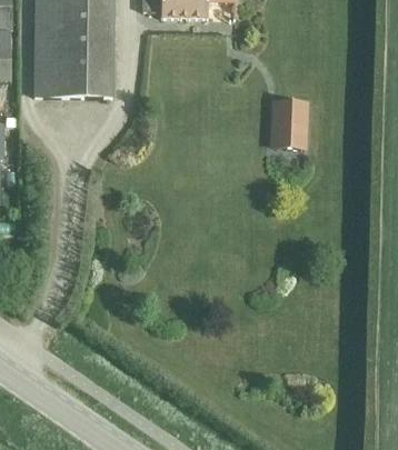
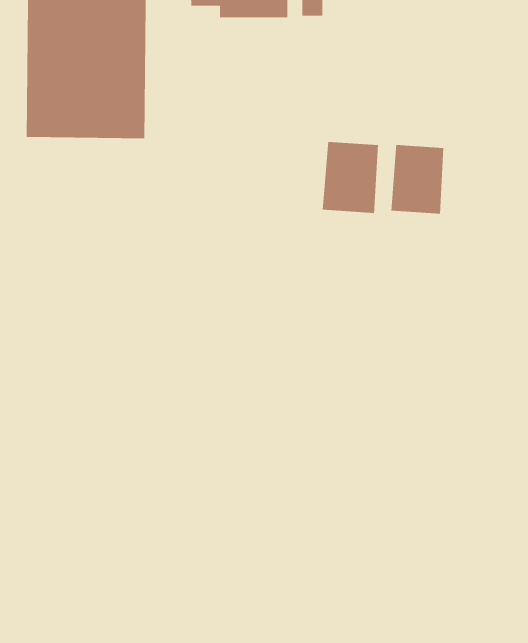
building: none -> [322,141,379,214]

